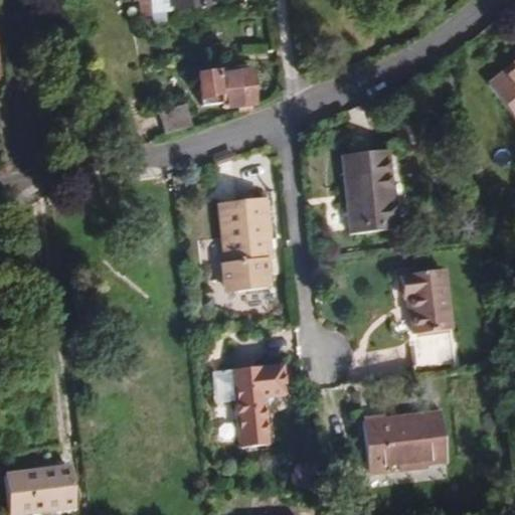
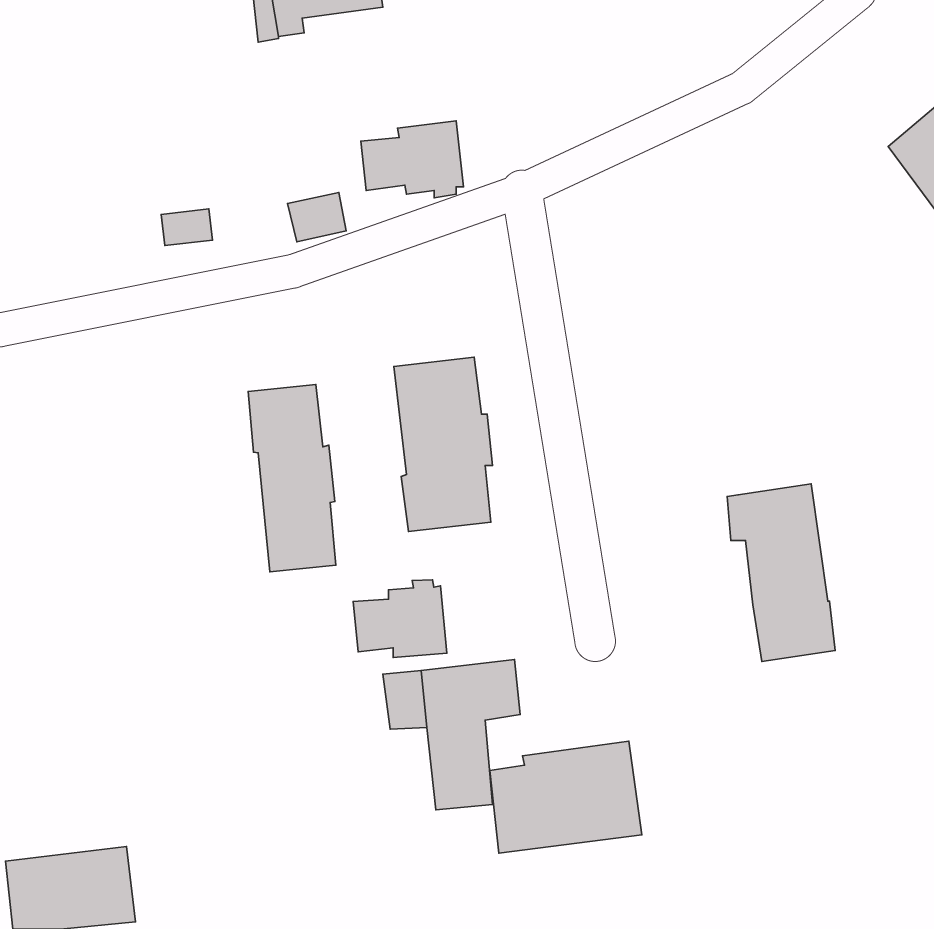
building: [342,148,398,232] -> none
building: none -> [248,385,336,572]
building: none -> [353,580,447,658]
building: [365,408,449,470] -> [490,741,642,853]

